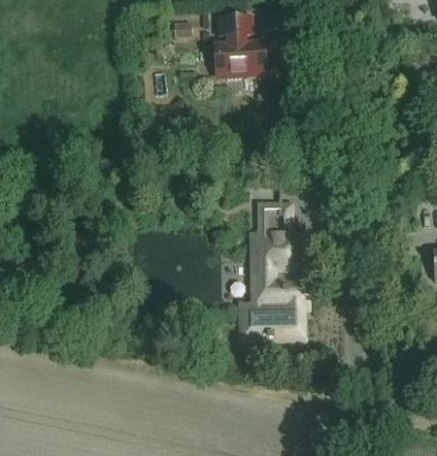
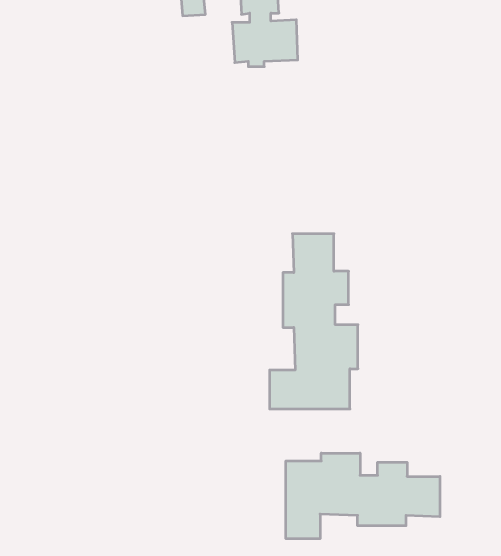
building: none -> [286,453,440,539]

